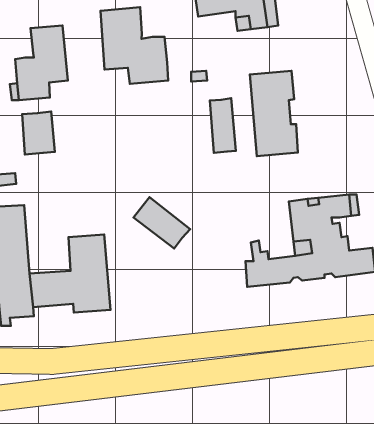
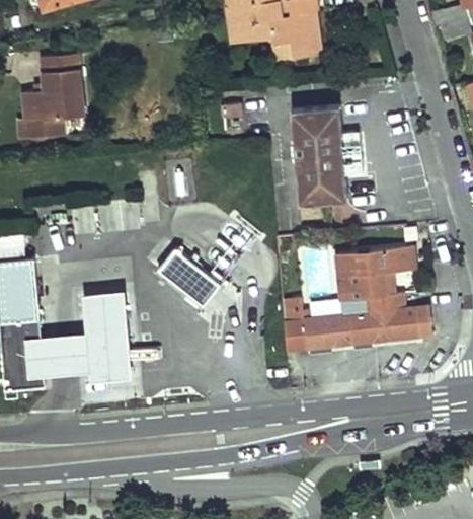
building: [100,7,168,84] -> none
building: [210,98,236,153] -> none
building: [22,111,55,155] -> none

